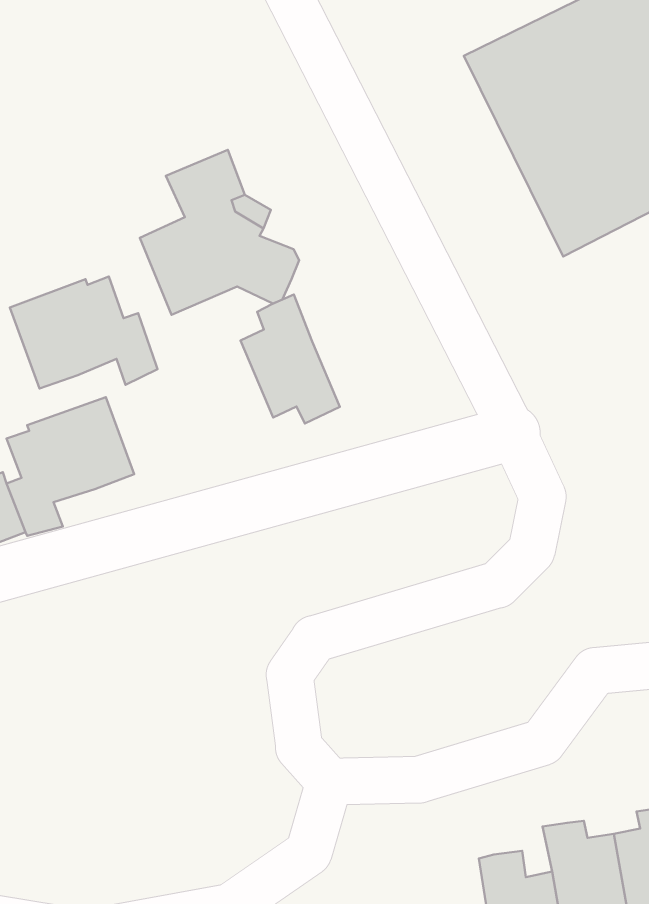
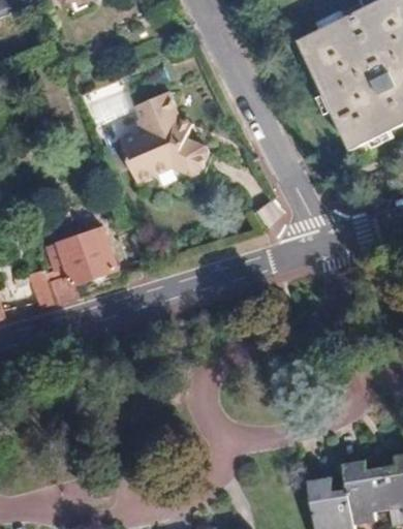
building: [10,276,157,388] -> none
building: [240,294,340,423] -> none

